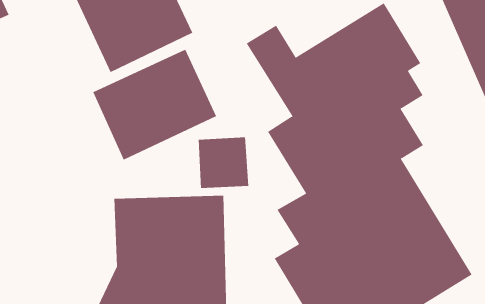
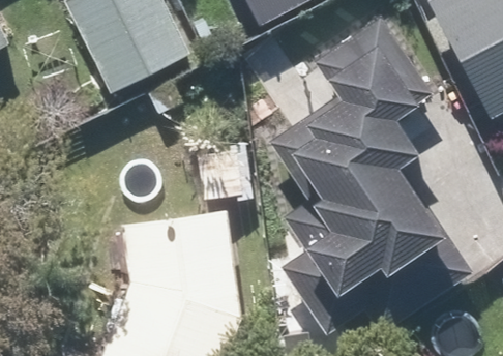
building: [92,49,217,160] -> none

